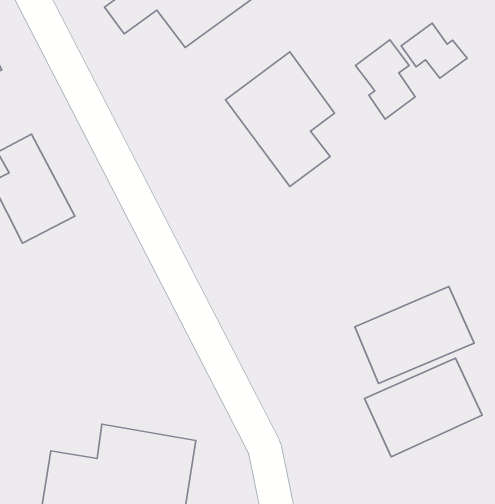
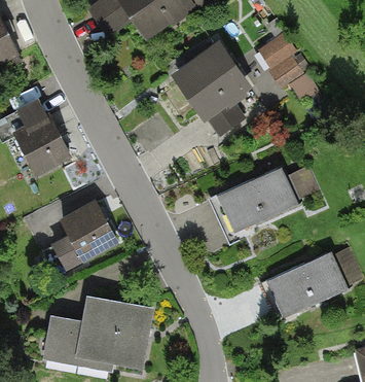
building: [401,23,467,78] -> none
building: none -> [47,199,120,274]
building: [355,286,474,384] -> [217,168,299,235]

